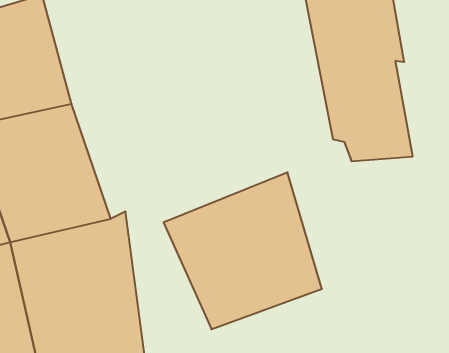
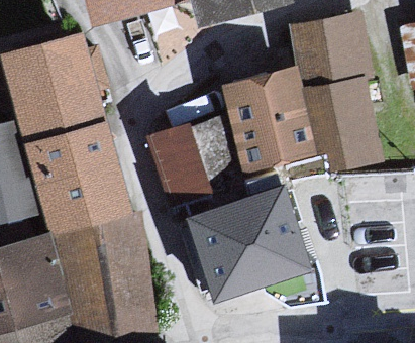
building: none -> [219,66,317,177]
building: none -> [163,102,221,186]

